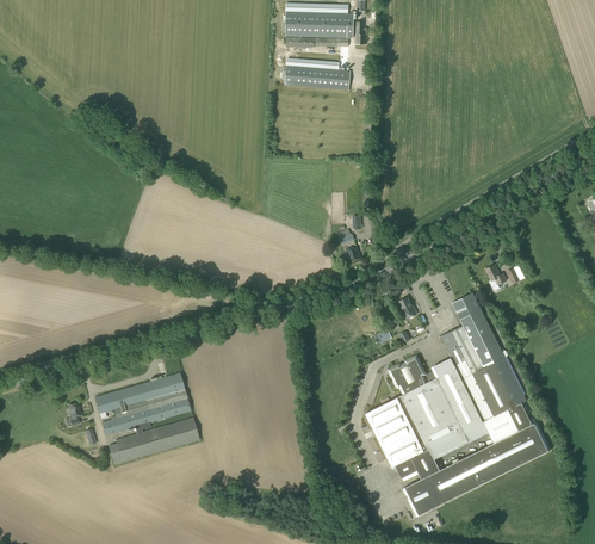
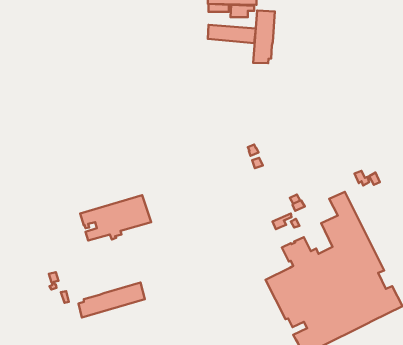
building: none -> [253,11,275,63]
building: [95,371,192,433] -> [80,195,151,240]

